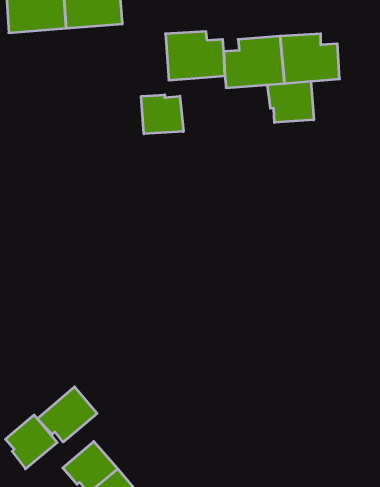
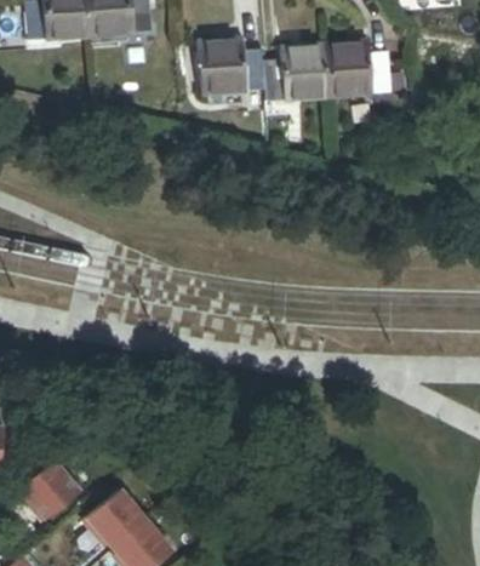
building: [267,81,314,123] -> none
building: [141,95,183,134] -> none
building: [37,387,97,442] -> none

